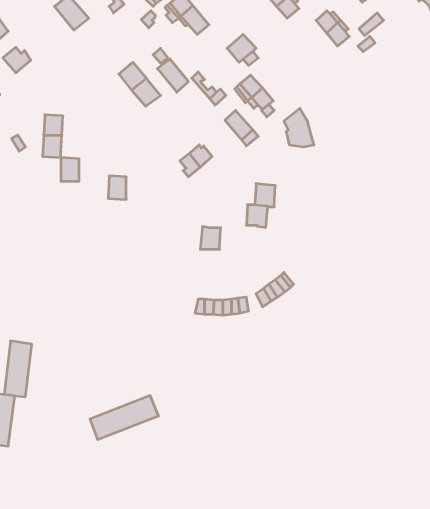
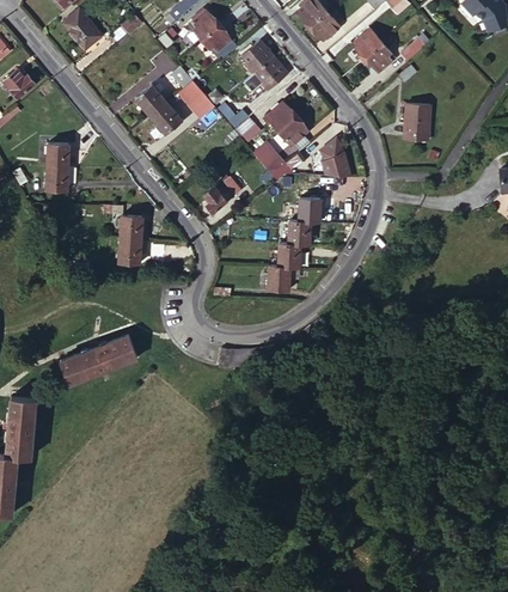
building: none -> [240,38,273,71]
building: none -> [403,108,427,144]
building: [61,158,79,181] -> [122,238,142,264]
building: none -> [295,199,318,224]
building: [200,227,221,249] -> [265,267,288,292]
building: [90,396,159,439] -> [62,336,139,385]

